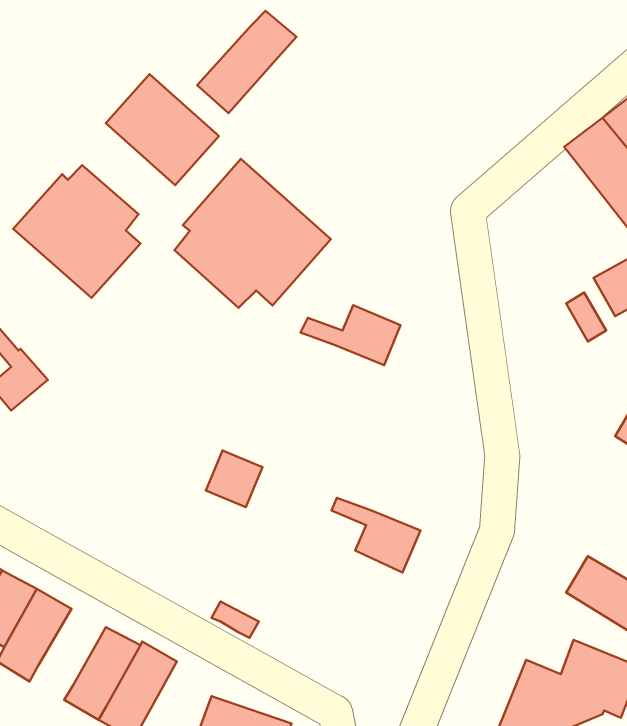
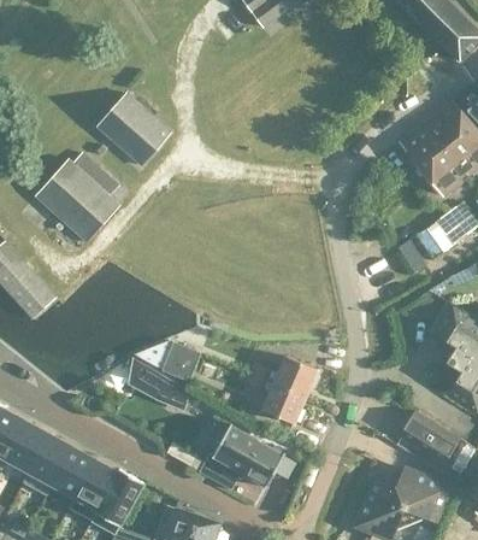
building: [197,11,297,113] -> none
building: [174,159,331,308] -> none
building: [301,305,401,365] -> [249,356,315,395]
building: none -> [124,357,177,397]
building: none -> [199,423,285,489]
building: none -> [52,447,96,498]

